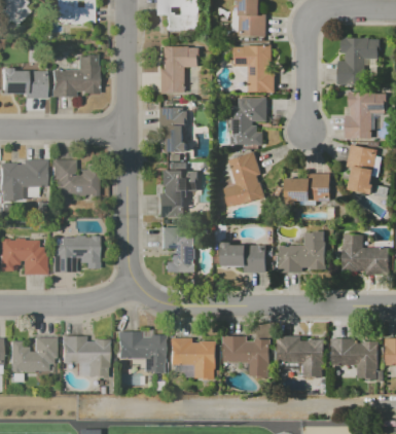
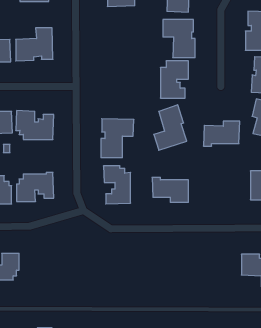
building: [158,47,200,94] -> none
building: [156,108,189,153] -> none
building: [280,230,326,272] -> none
building: [116,331,164,373] -> none
building: [62,335,108,378] -> none
building: [223,336,269,378] -> none
building: [279,336,324,377] -> none
building: [169,337,216,381] -> none

